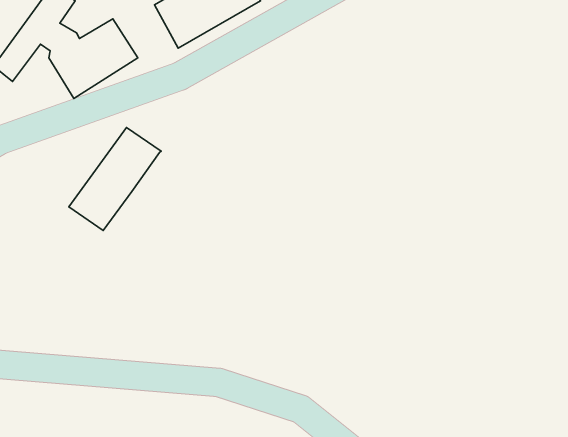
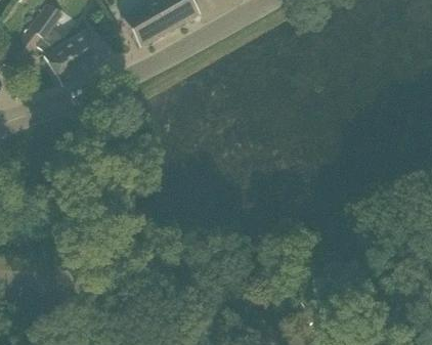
building: [69,127,161,231] -> none

